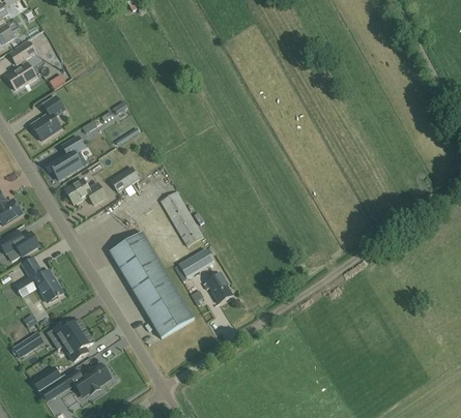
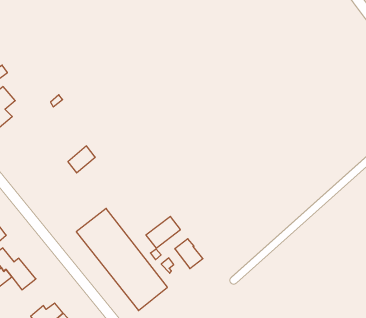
building: [49,136,84,179] -> none
building: [64,177,107,204] -> none
building: [161,190,203,244] -> none

